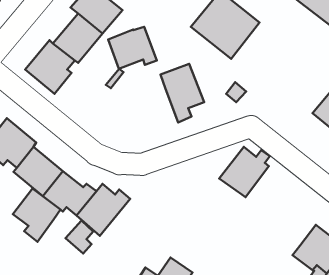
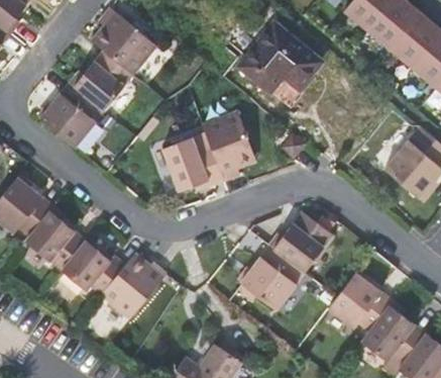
building: [108,27,157,69] -> [164,140,223,191]
building: none -> [239,245,300,309]
building: [13,189,61,242] -> none
building: none -> [327,272,392,329]

